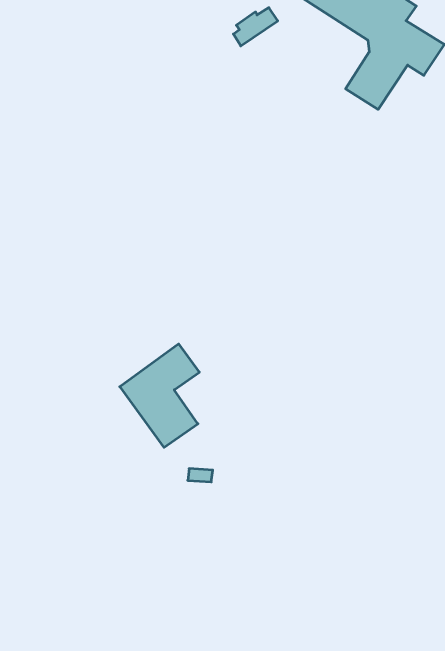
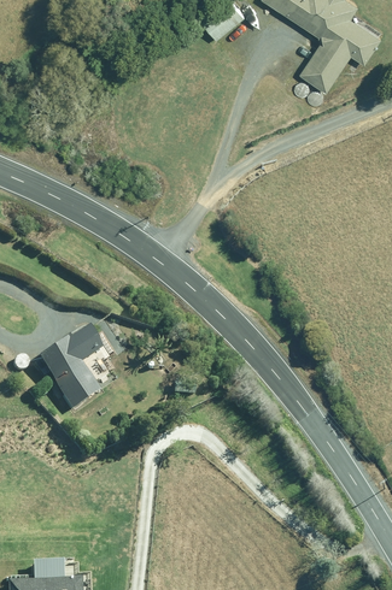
building: [120,344,199,447] -> [35,325,100,409]

